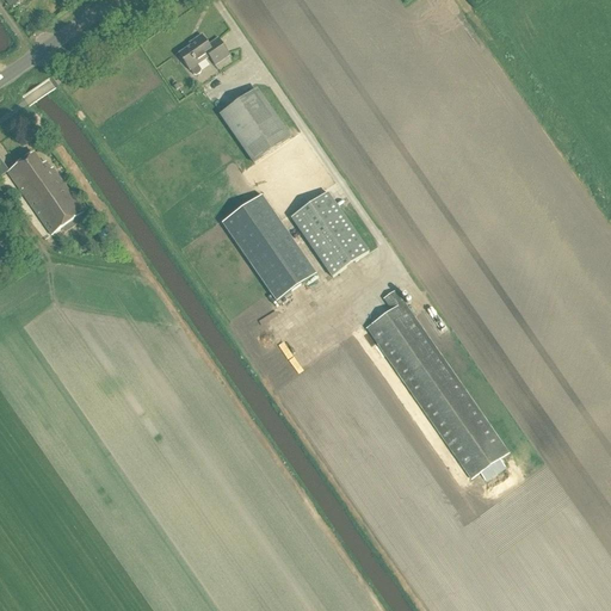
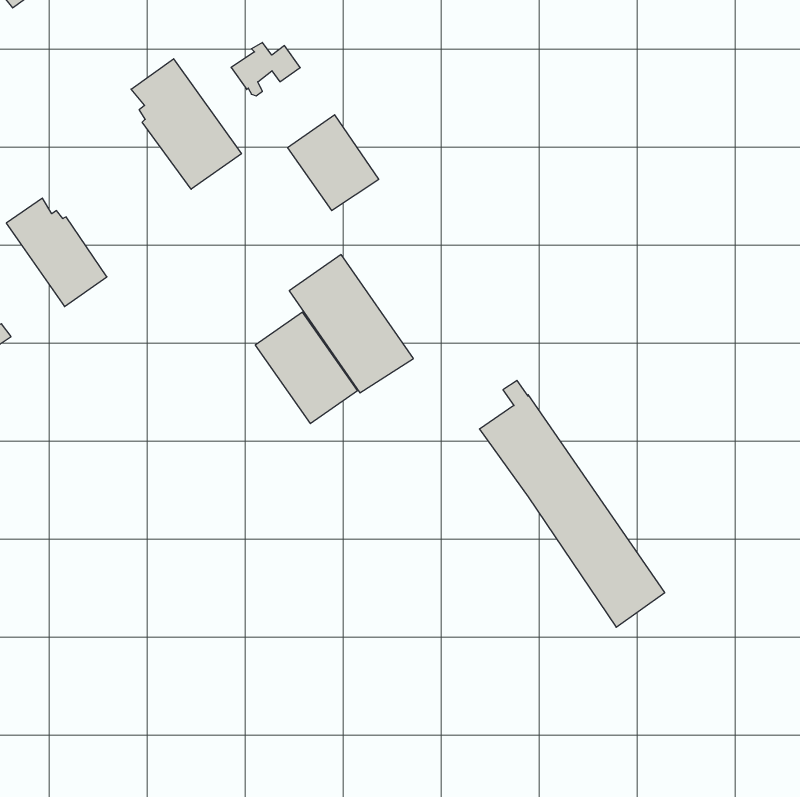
building: none -> [131,59,241,189]
building: [289,190,366,274] -> [255,312,357,424]

